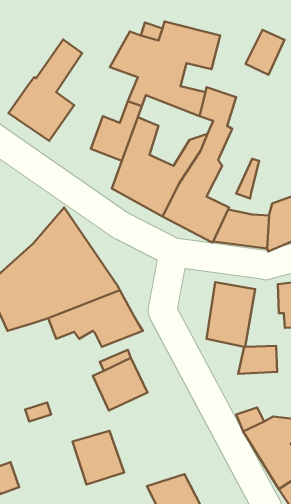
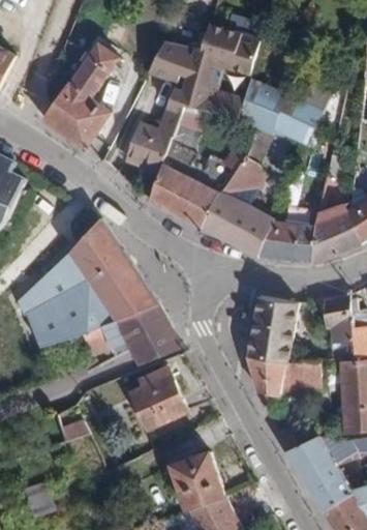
building: [246,30,284,75] -> [281,99,322,146]
building: none -> [246,355,286,398]
building: [73,431,124,484] -> [171,452,224,508]

